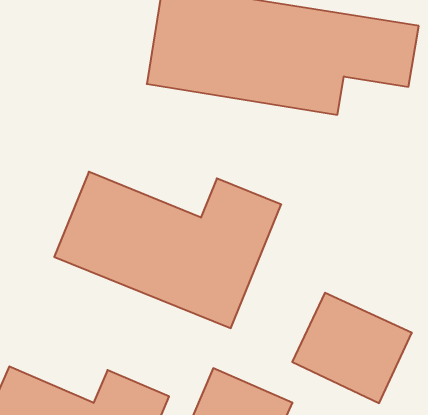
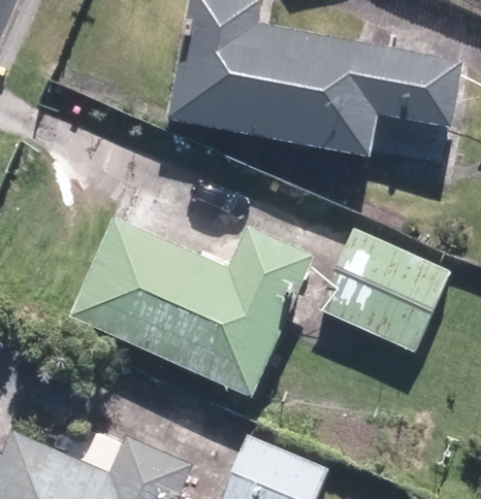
building: [292,293,412,403] -> [313,238,445,360]

